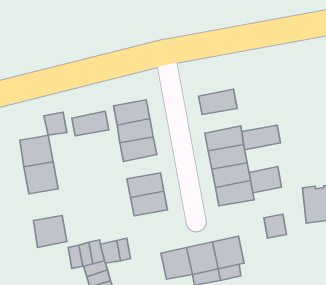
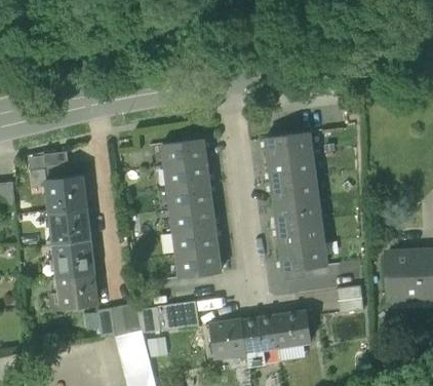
building: [72,111,109,136] -> [170,205,214,233]
building: [44,112,67,135] -> [42,152,69,179]
building: [242,125,281,150] -> [269,155,315,183]
building: [249,167,282,193] -> none
building: none -> [53,240,92,277]
building: none -> [169,302,197,330]

